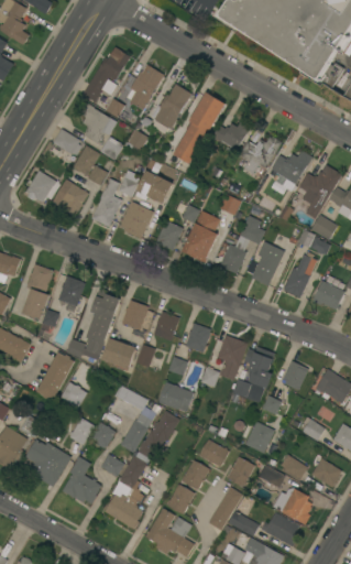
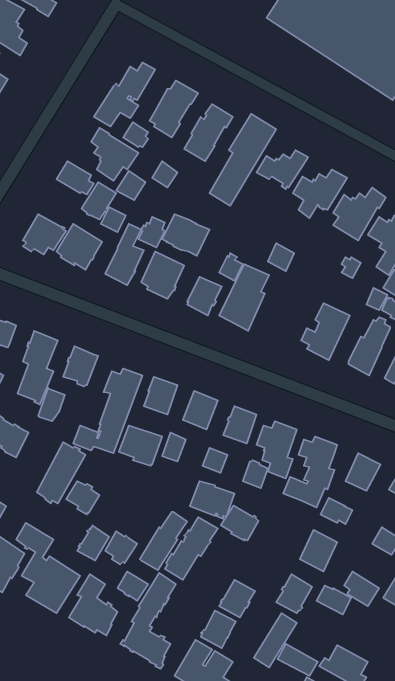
building: [220,215,265,274] -> none
building: [199,440,229,467] -> [221,506,259,540]
building: [271,488,312,525] -> none

